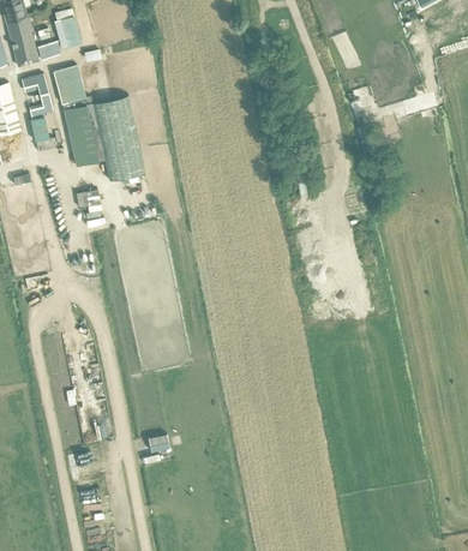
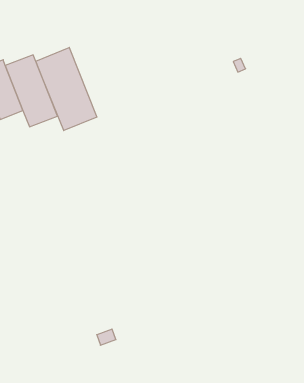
building: none -> [36,47,97,131]

